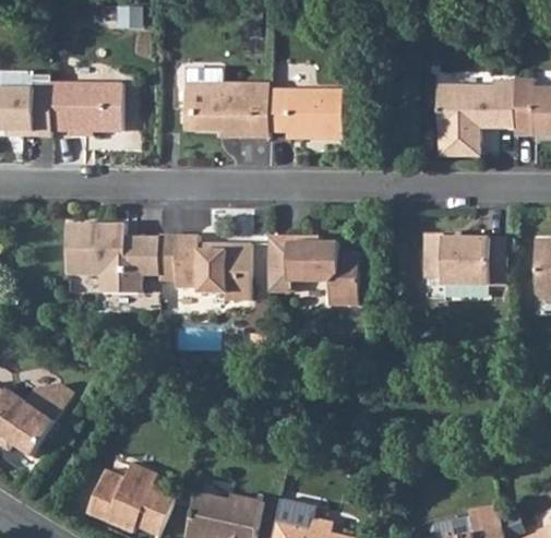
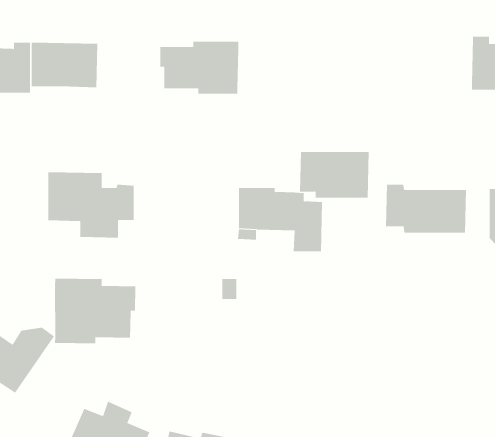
building: [435,80,515,156] -> none
building: [268,91,343,140] -> [299,152,370,198]
building: [159,235,252,299] -> none
building: none -> [55,278,136,344]

